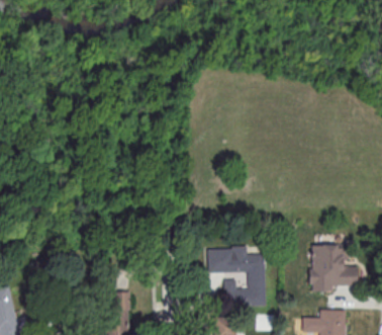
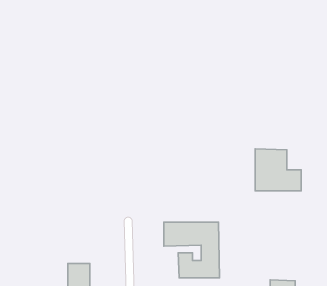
building: [308,244,357,288] -> [255,149,301,191]

